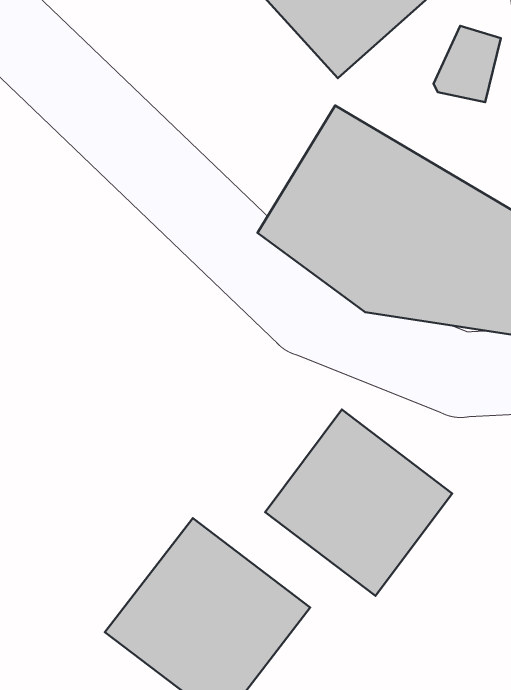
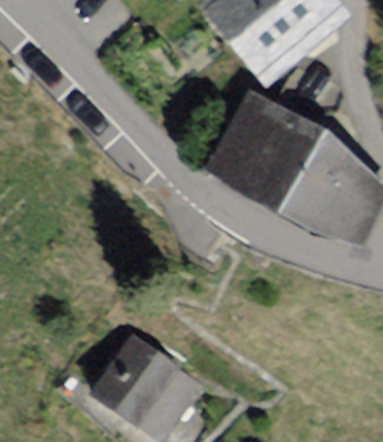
building: [265,410,452,596] -> none

